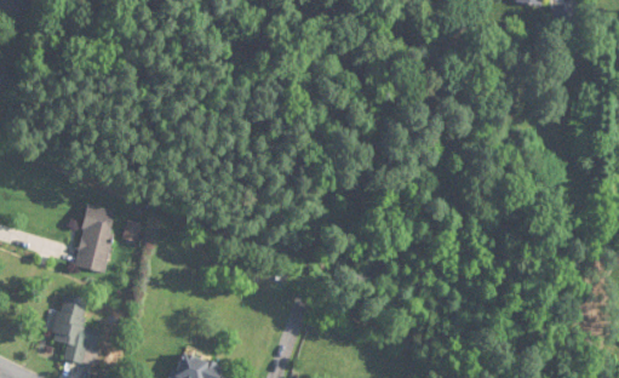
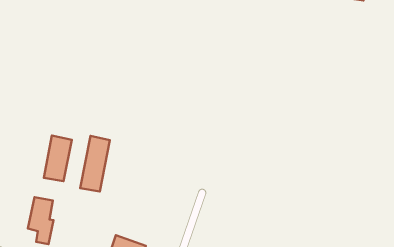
building: none -> [80,136,110,192]

